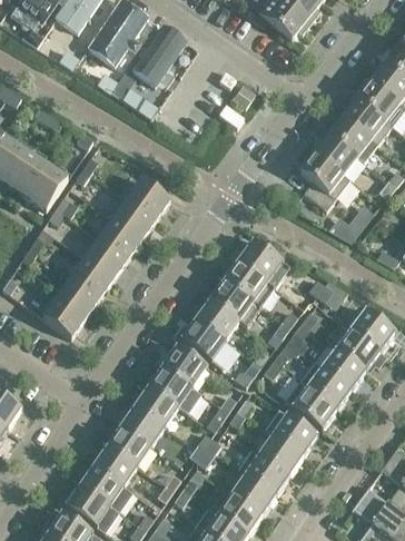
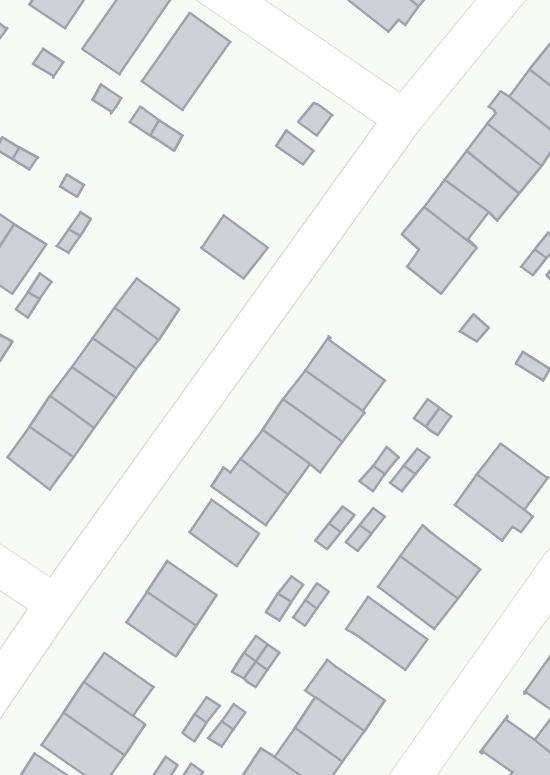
building: [127,179,170,220] -> [201,215,268,278]
building: [320,348,366,391] -> none
building: [147,366,200,413] -> none
building: [106,425,152,468] -> none
building: [257,434,303,476] -> none

